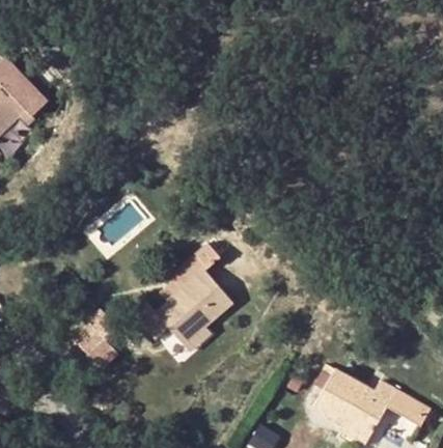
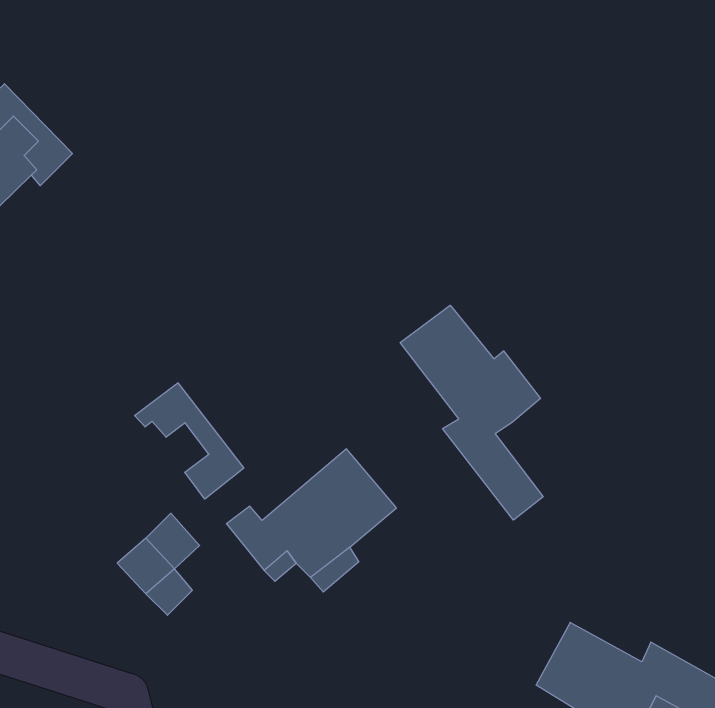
building: none -> [400,305,543,520]
building: none -> [135,383,244,499]

